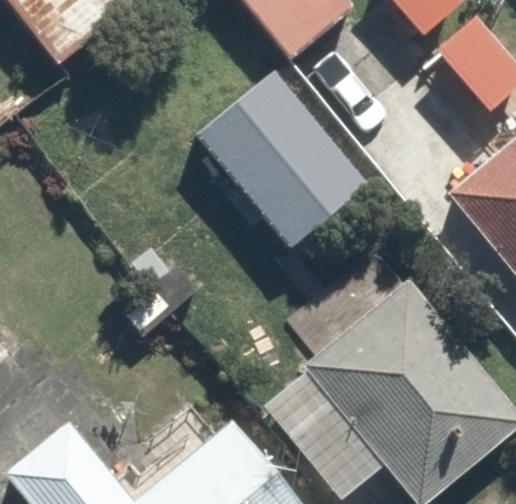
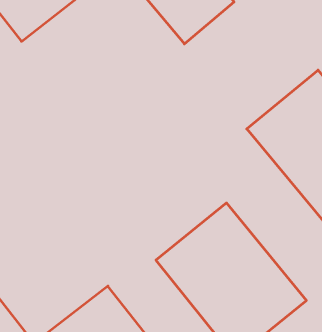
building: [202,63,382,248] -> none

